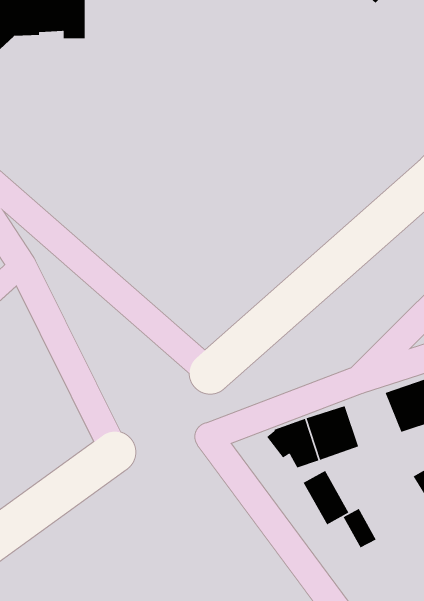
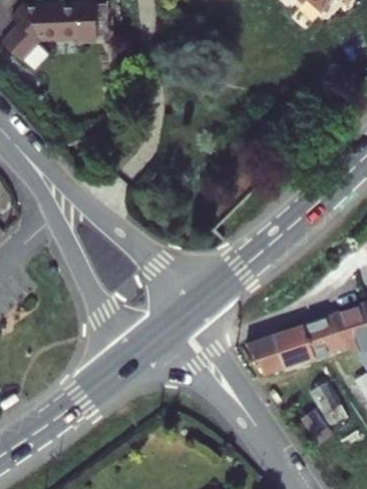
building: none -> [302,317,346,360]
building: [303,470,350,526] -> [310,384,347,428]

